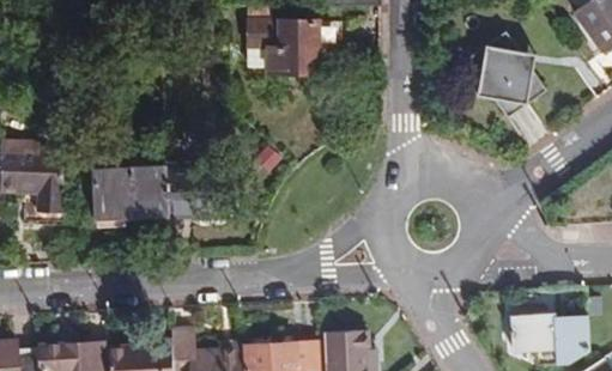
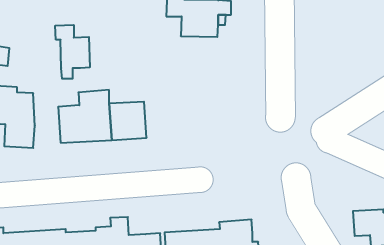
building: [466,29,546,116] -> none
building: none -> [55,25,90,79]

